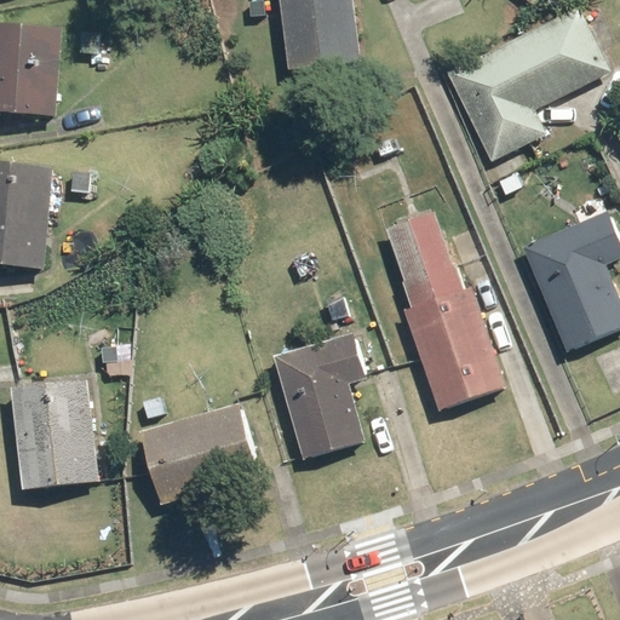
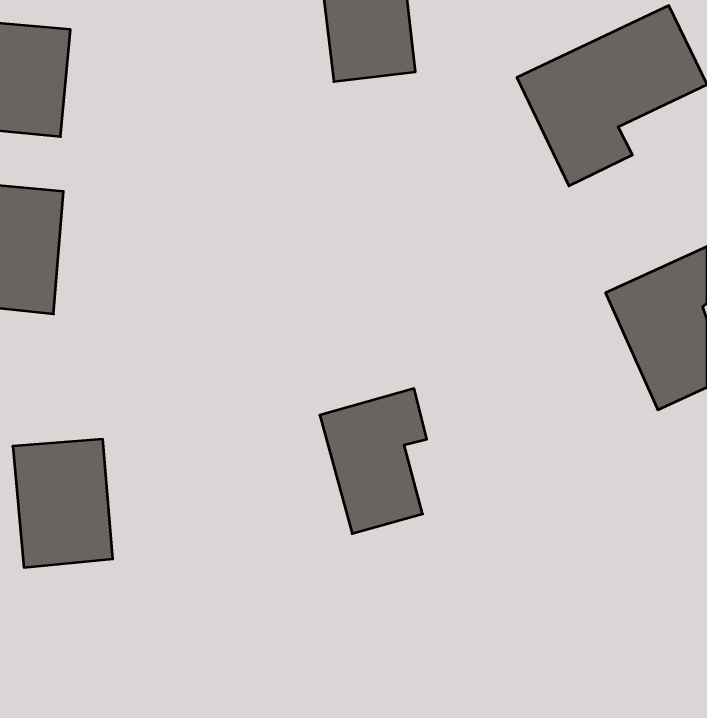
building: [385,216,506,409] -> none
building: [137,401,260,501] -> none

